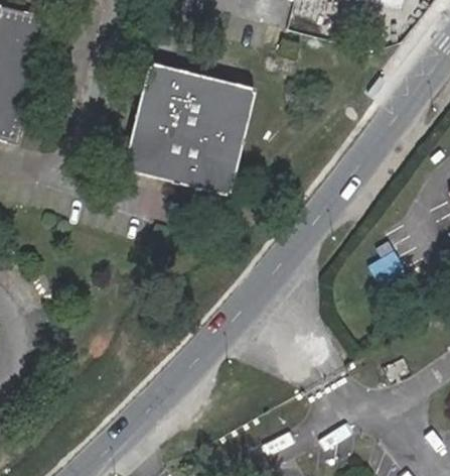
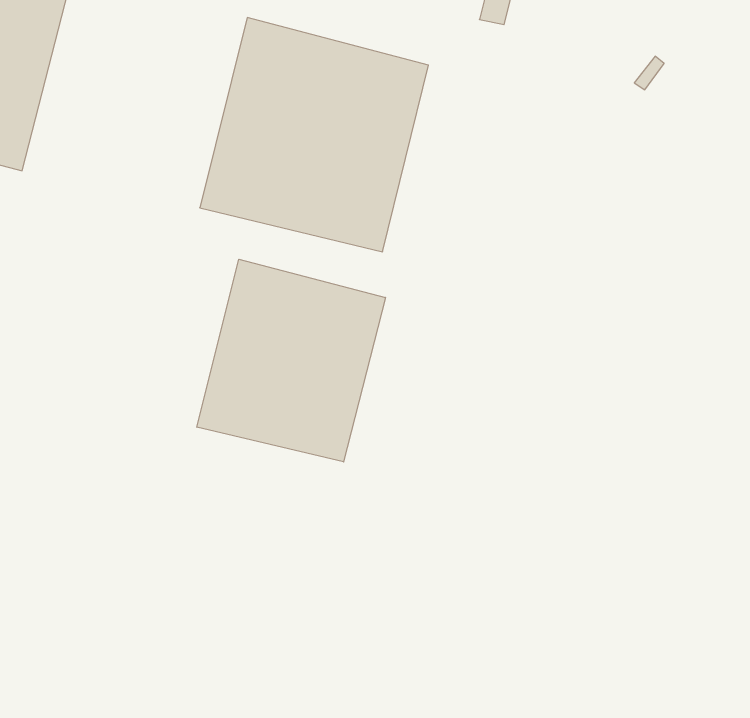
building: none -> [197,259,385,462]

